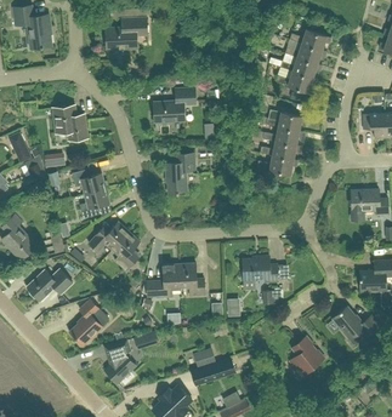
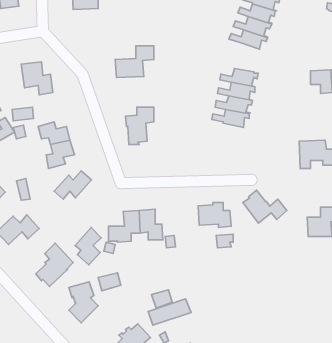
building: [112,230,140,270] -> [75,227,101,265]
building: [333,304,380,339] -> [243,190,287,223]
building: [290,336,324,375] -> none

